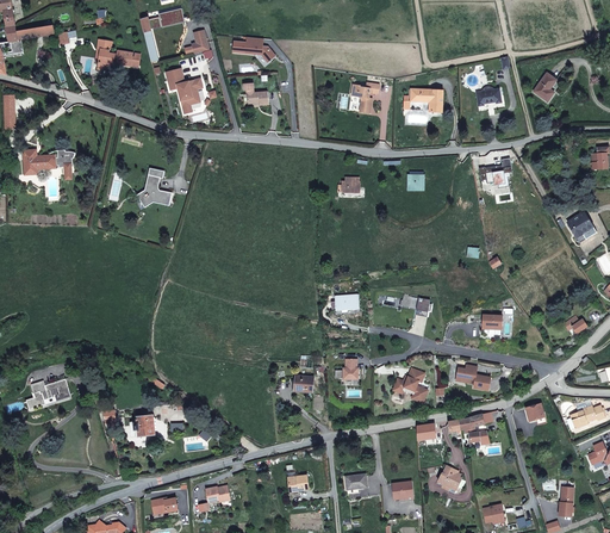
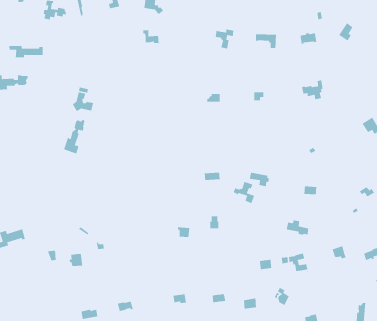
building: [166,69,201,112] -> none
building: none -> [8,45,44,58]
building: none -> [63,119,85,154]
building: [393,368,427,403] -> [233,181,255,204]

